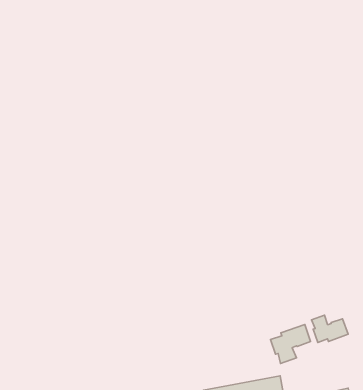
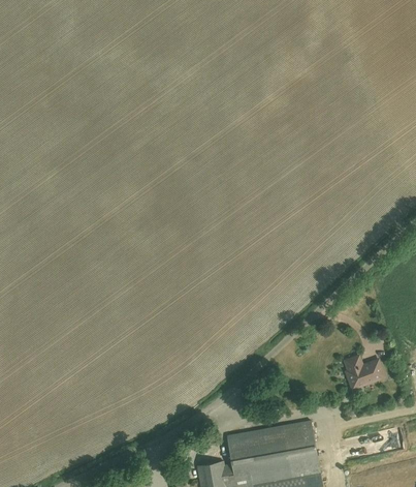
building: [270,325,310,363] -> none

